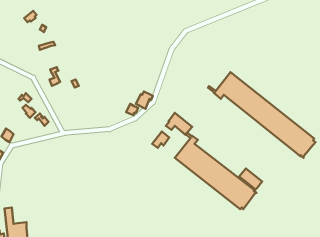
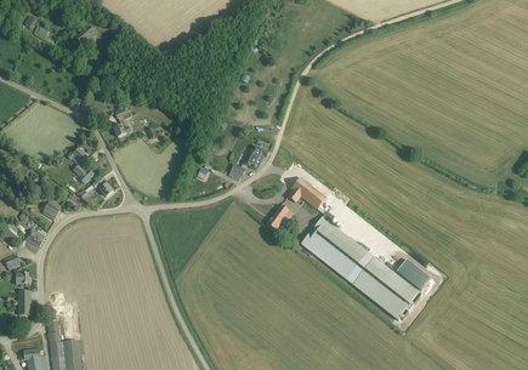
building: [208,72,316,158] -> none

